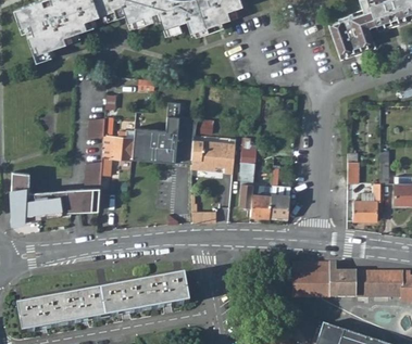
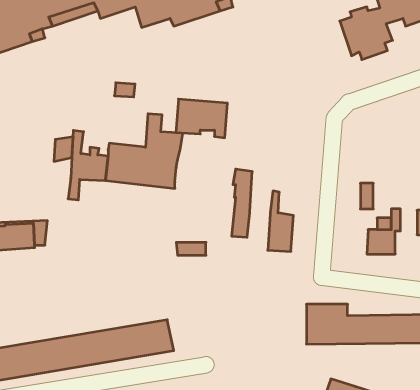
building: [190,140,234,173] -> [176,99,227,138]
building: [80,164,101,212] -> none
building: [250,184,271,216] -> none

